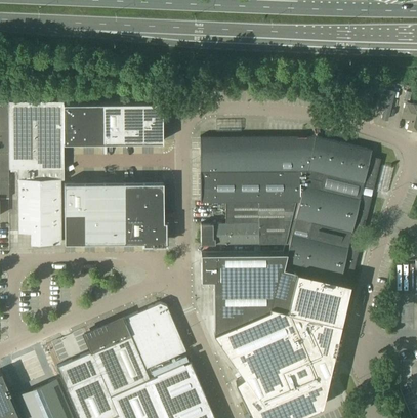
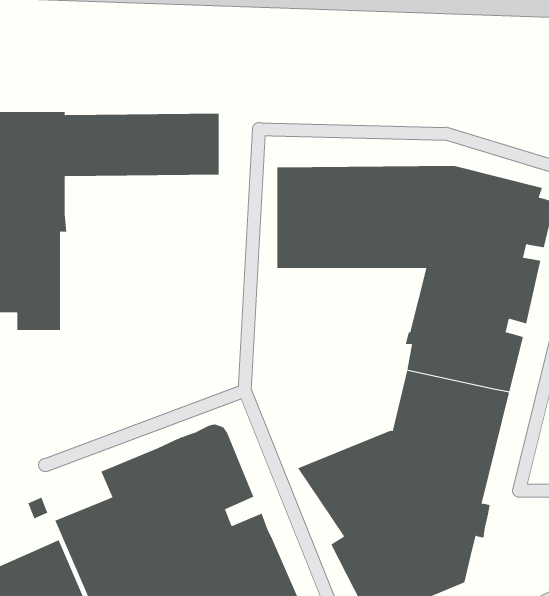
building: [65,183,166,246] -> none
building: [201,204,296,246] -> none
building: [201,253,287,333] -> none

